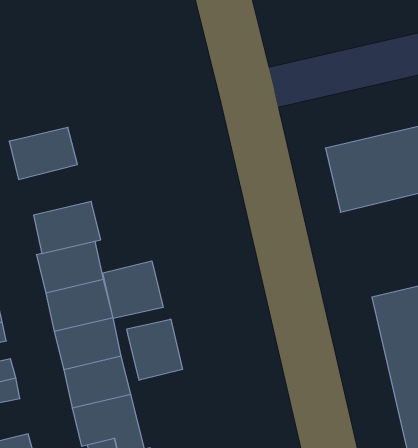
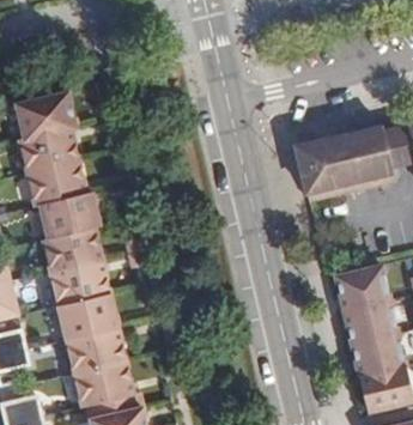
building: none -> [17,91,77,138]
building: none -> [28,159,86,205]
building: [103,261,163,319] -> none
building: [127,319,182,380] -> none

